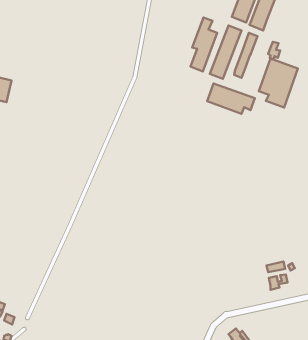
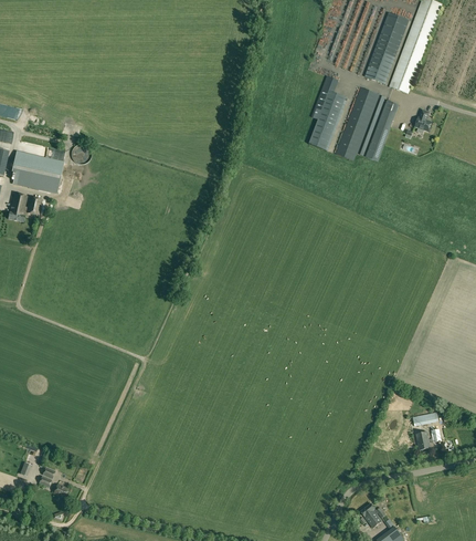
building: [259,59,298,108] -> none
building: [207,84,255,114] -> none

